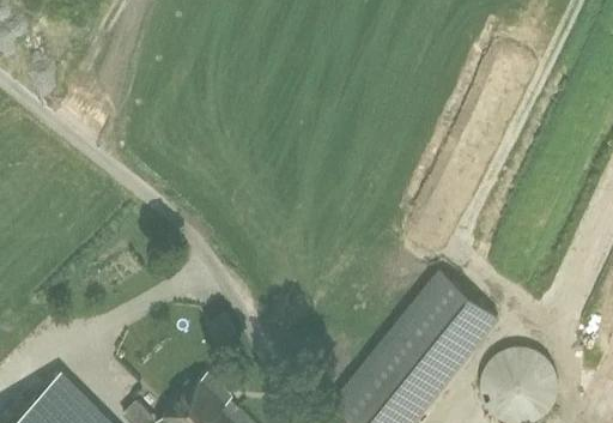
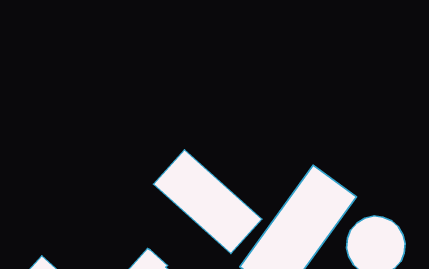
building: none -> [153,150,262,254]

